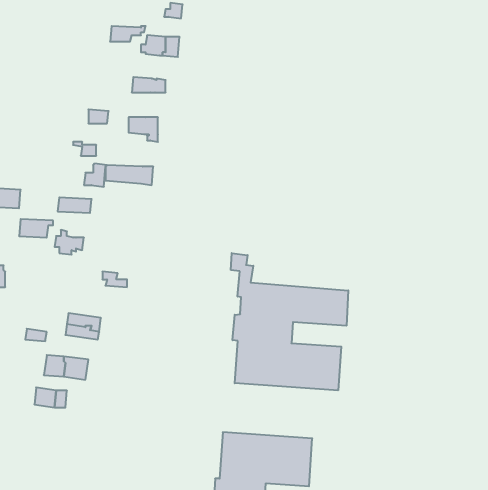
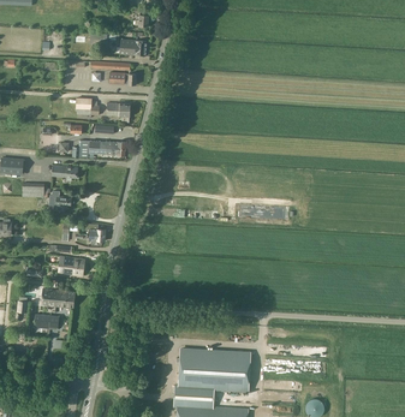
building: [231,253,348,390] -> none

